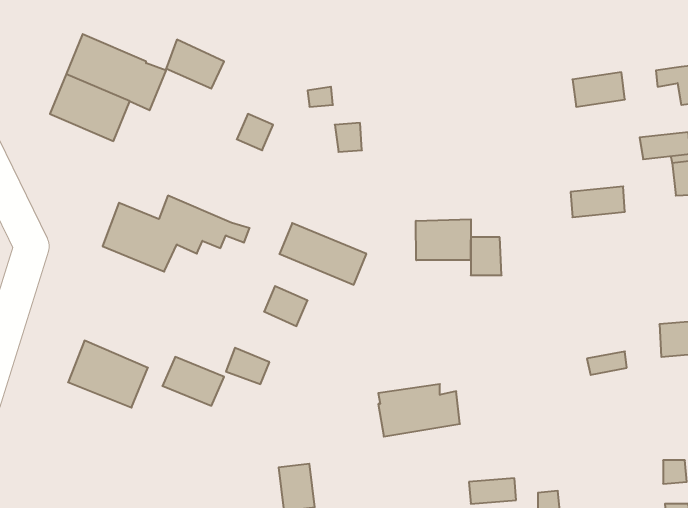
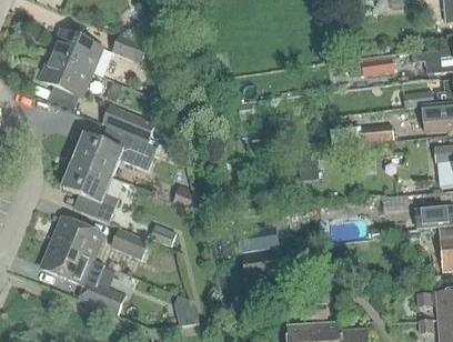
building: [416,219,471,260] -> none
building: [279,223,366,285] -> [100,104,153,142]
building: none -> [61,160,117,222]
building: none -> [41,243,124,314]

